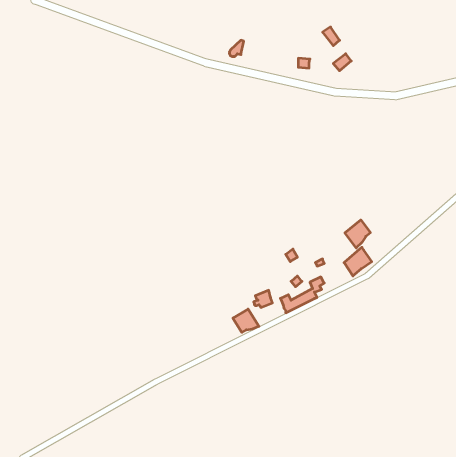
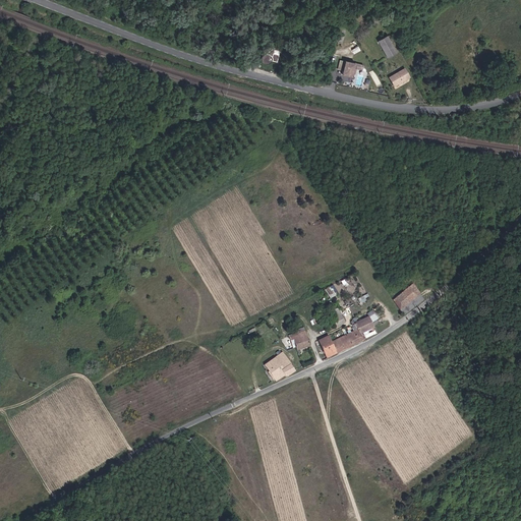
building: [345,220,370,248] -> none

